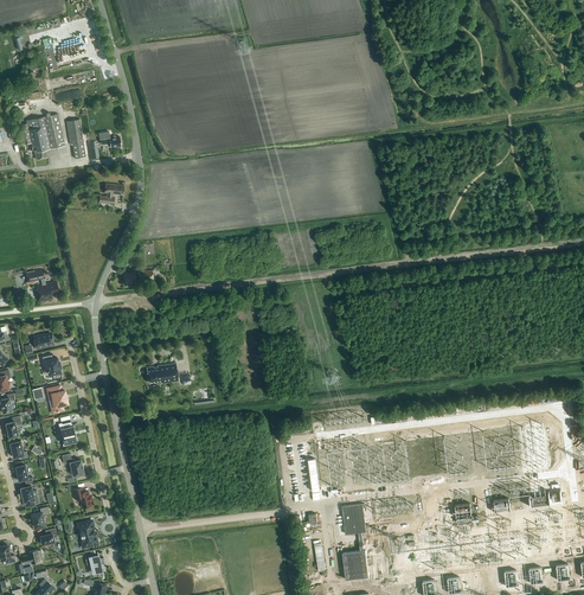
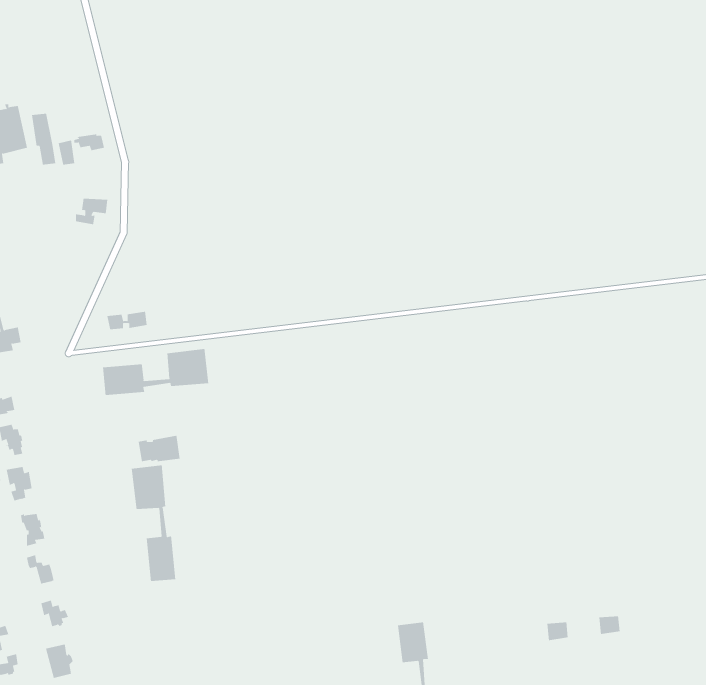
building: none -> [102,348,209,396]
building: none -> [131,465,176,582]

